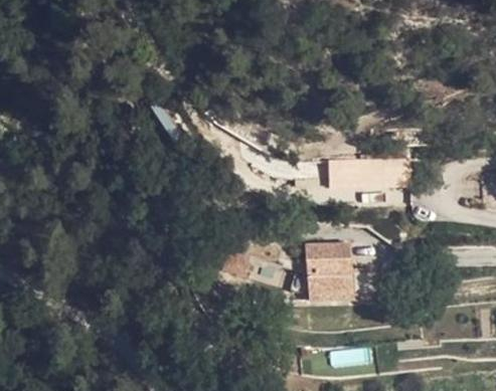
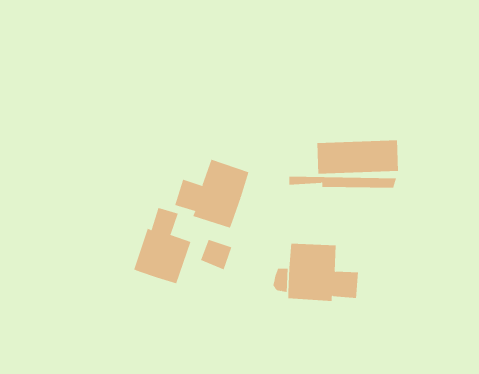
building: none -> [174,159,249,228]
building: none -> [134,207,191,284]

